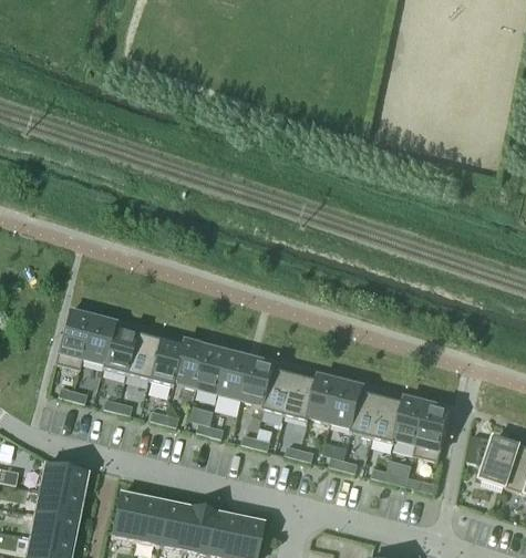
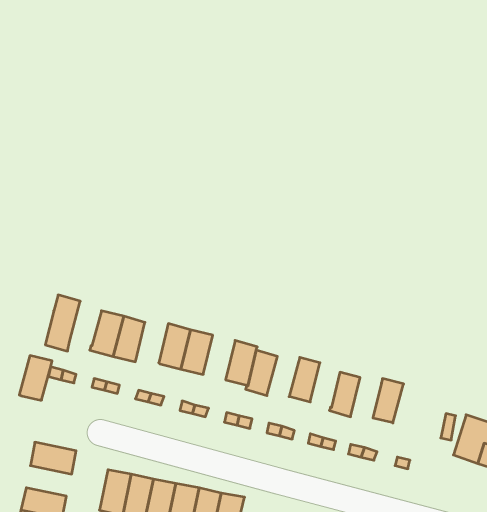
building: [81,317,115,363] -> [19,356,52,400]
building: [149,339,183,385] -> none
building: [220,352,254,399] -> none
building: [287,374,320,421] -> none
building: [332,381,364,427] -> none
building: [374,396,406,443] -> none
building: [416,403,453,461] -> none
building: [35,488,83,520] -> none

